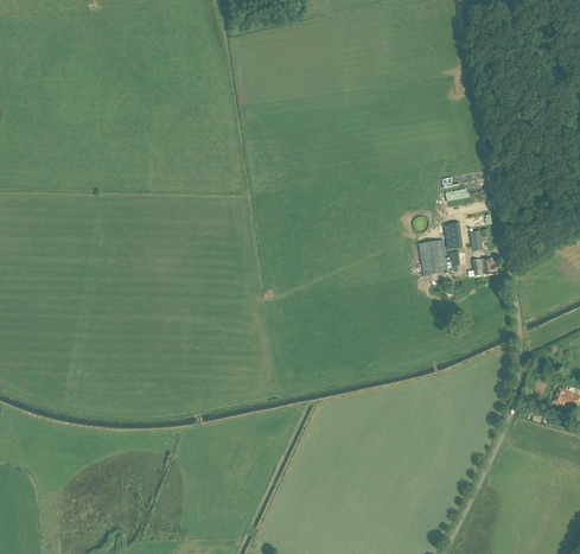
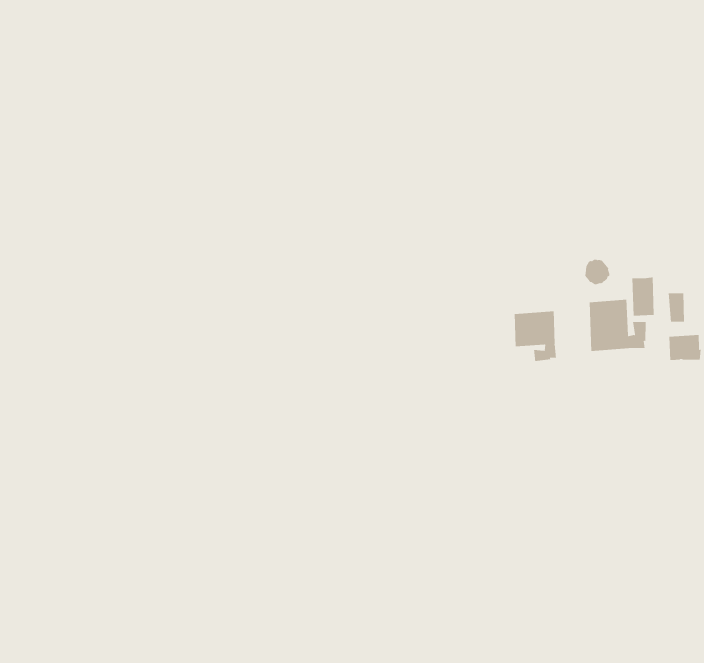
building: none -> [514,310,557,362]

